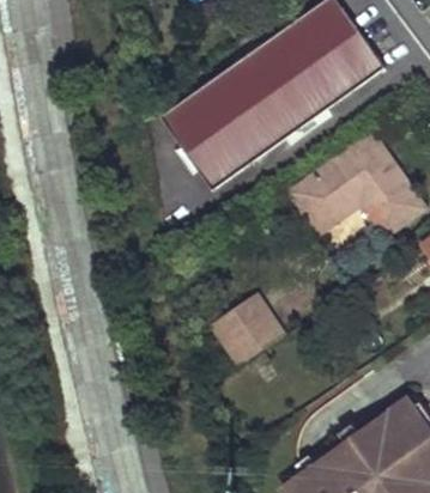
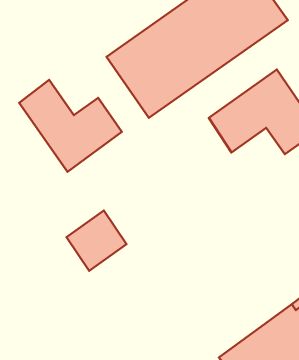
building: none -> [19,80,122,172]
building: [212,291,285,364] -> [67,211,127,271]

